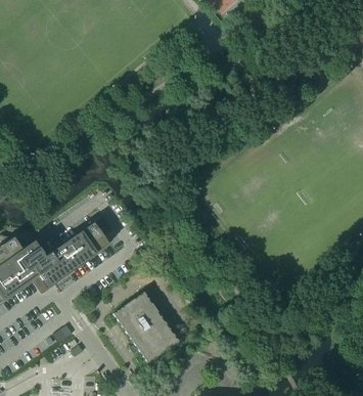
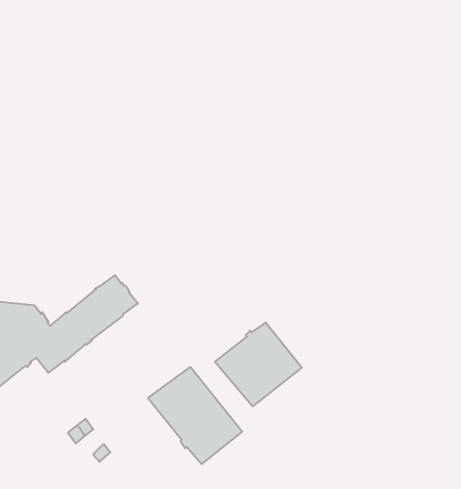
building: none -> [215,322,302,406]

